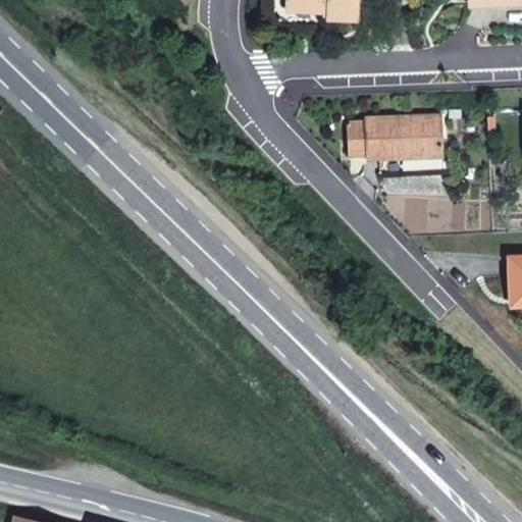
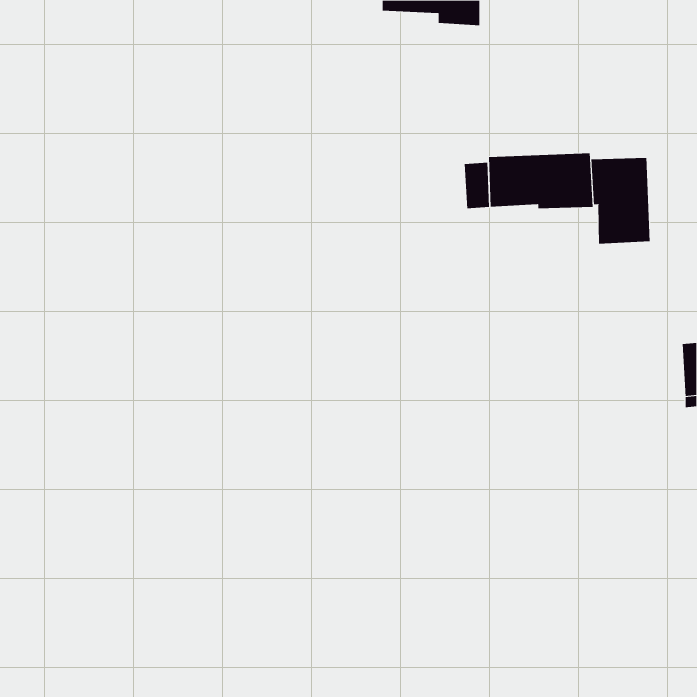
building: none -> [591,157,650,244]

